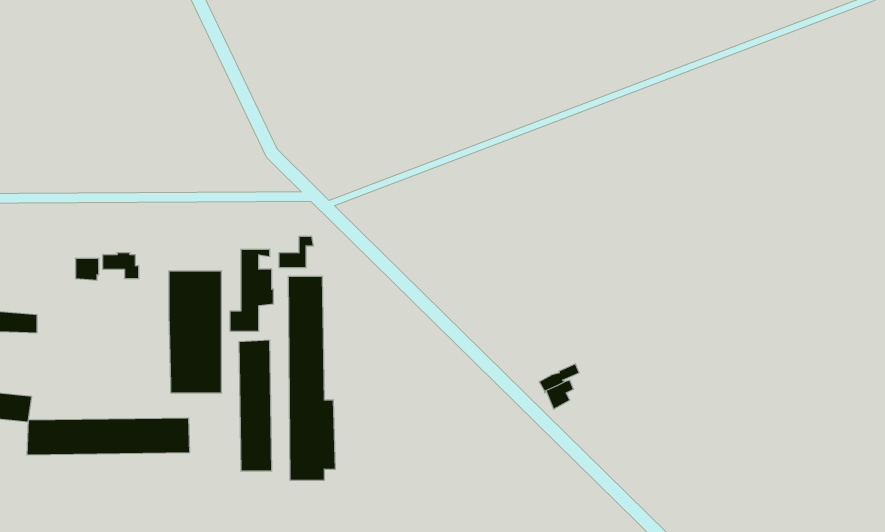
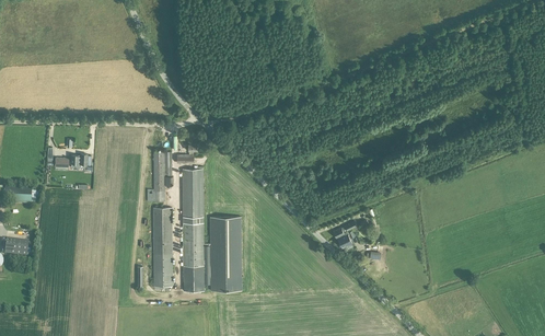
building: [169,271,222,393] -> [209,216,241,289]
building: [27,418,189,455] -> none

